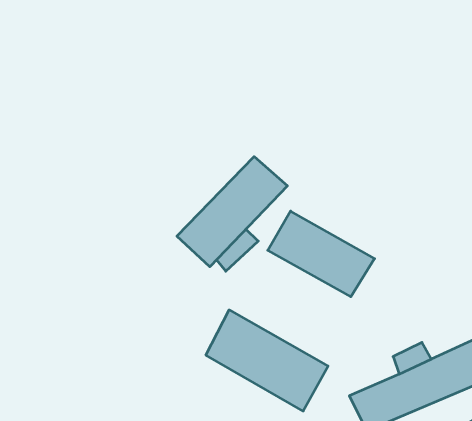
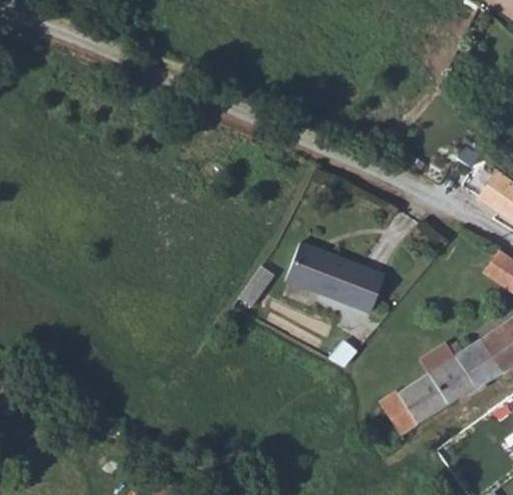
building: [177,157,287,267] -> none
building: [206,310,328,411] -> none

